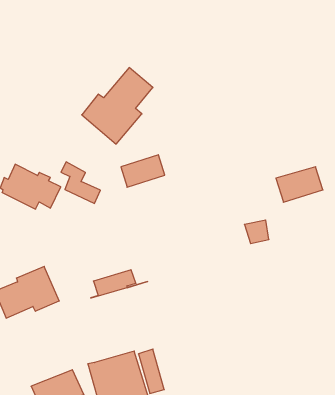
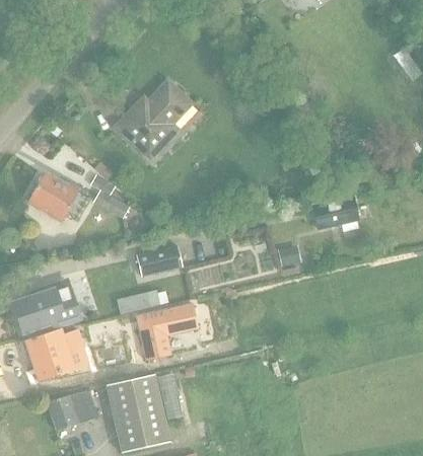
building: [121,155,165,187] -> [137,245,182,277]
building: none -> [136,303,198,360]
building: none -> [26,329,85,380]

